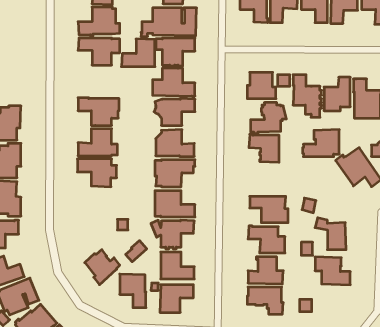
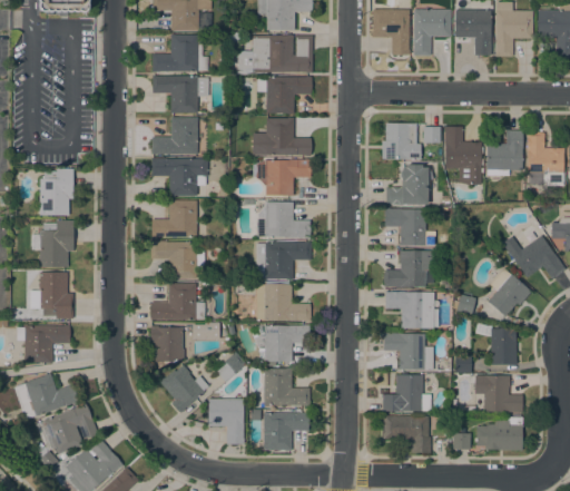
building: [121,39,155,67] -> [151,116,197,154]
building: [303,130,339,157] -> [383,249,433,286]
building: none -> [488,267,531,315]
building: none -> [150,282,204,320]
building: none -> [150,325,189,361]
building: none -> [475,416,522,450]

